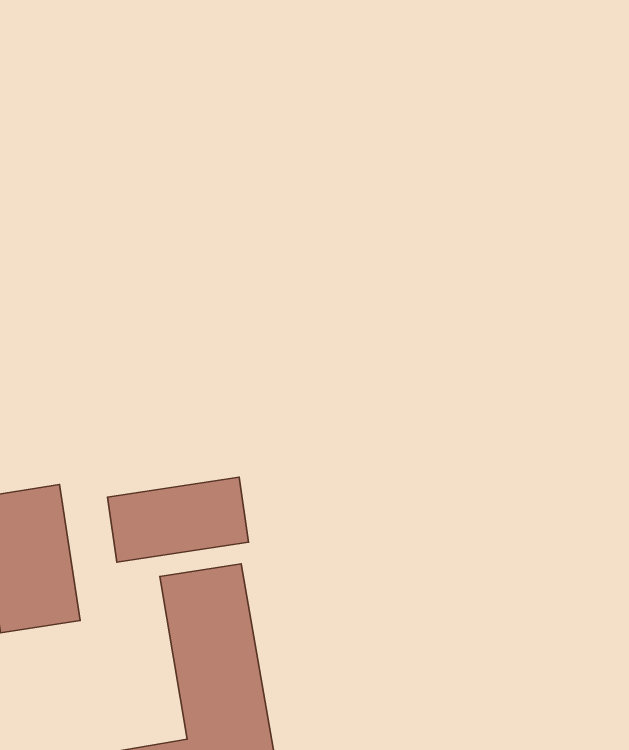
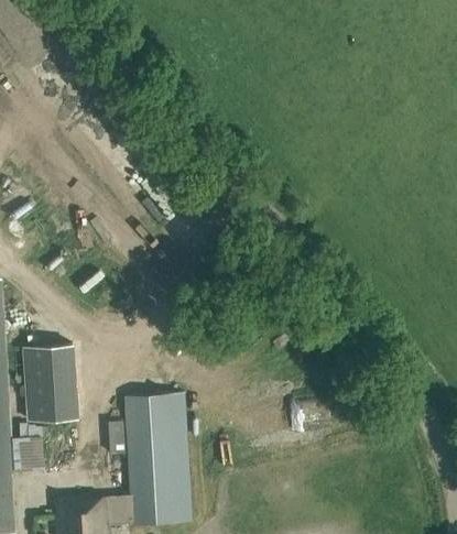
building: [107,477,249,562] -> none

